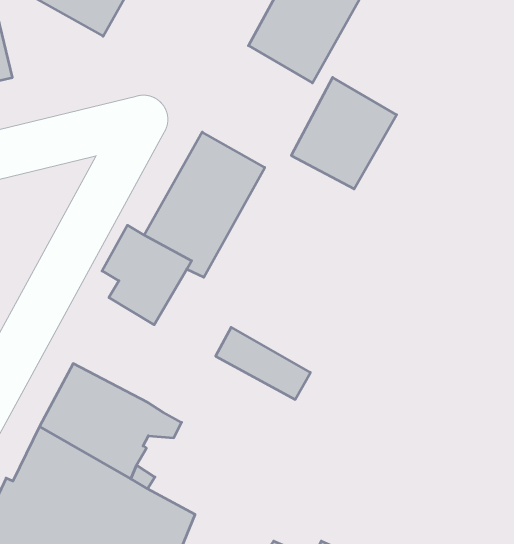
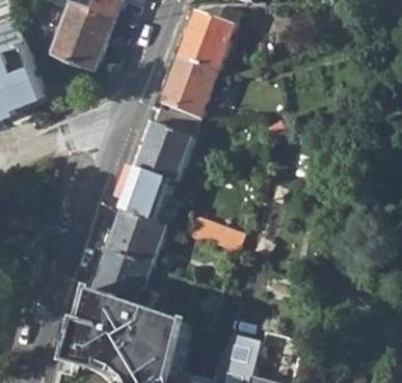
building: [291,77,397,189] -> [160,57,216,118]
building: none -> [105,212,164,268]

